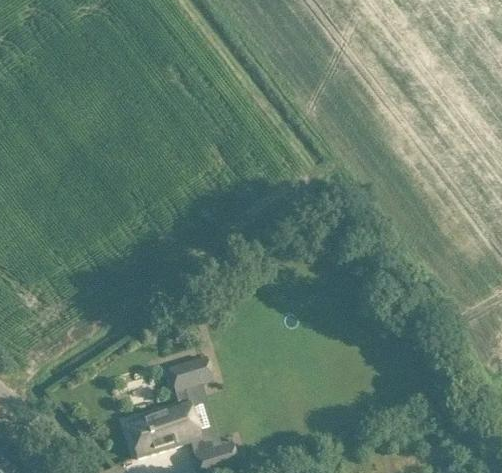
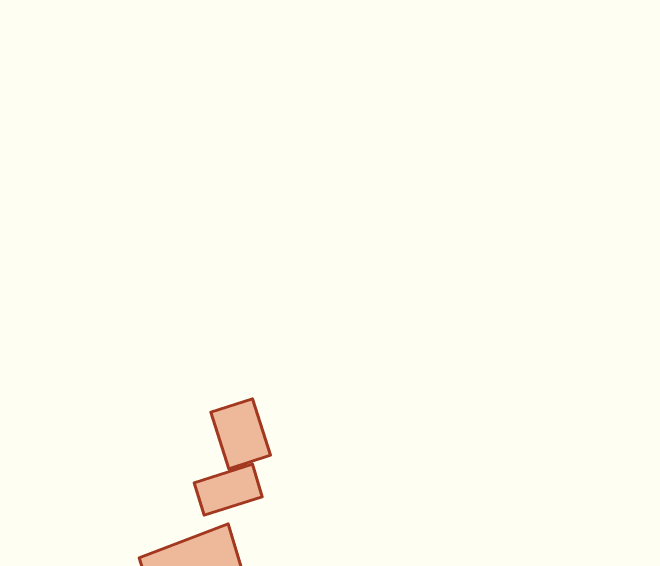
building: none -> [211,399,271,469]

